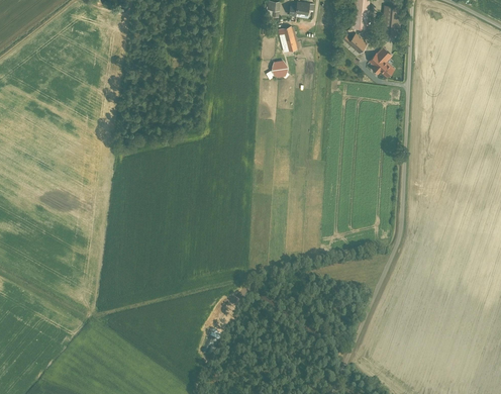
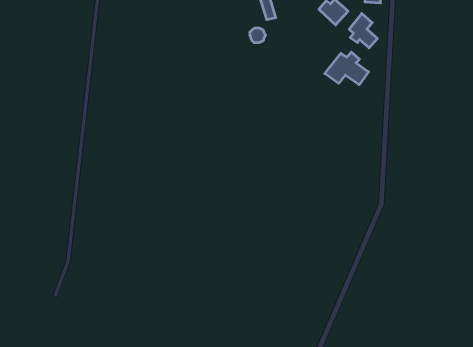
building: none -> [325,52,369,85]

